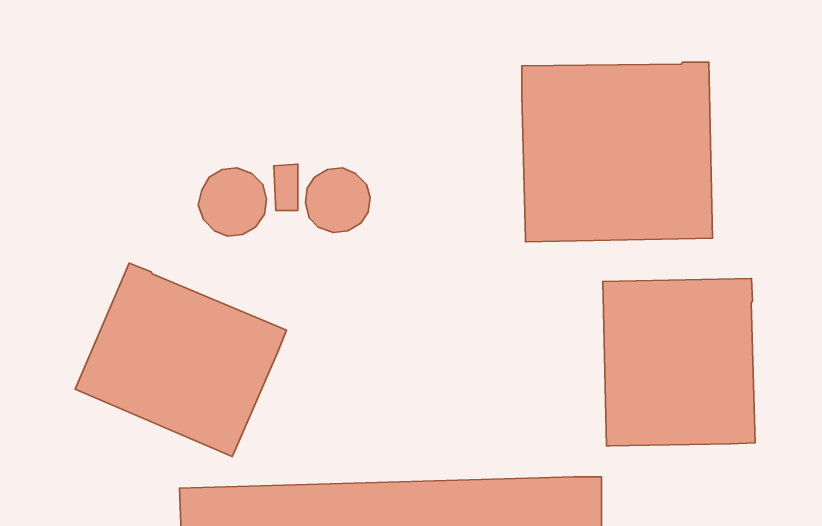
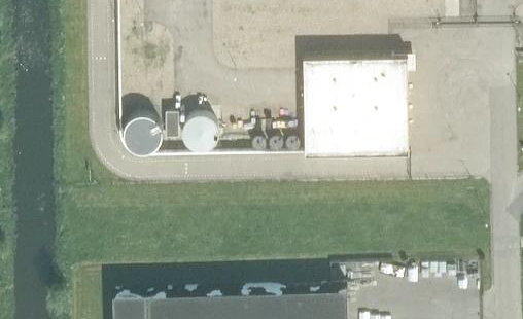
building: [75,263,286,456] -> none
building: [603,278,755,446] -> none

